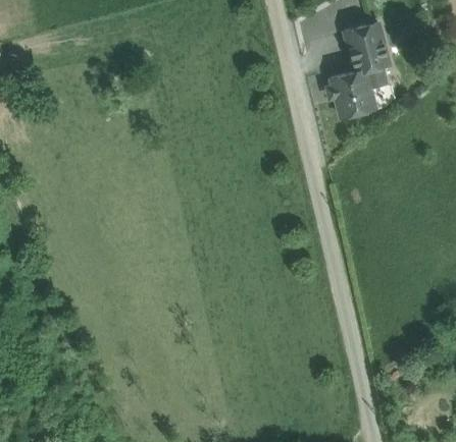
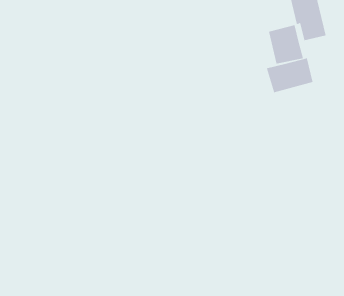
building: none -> [266,58,313,93]

